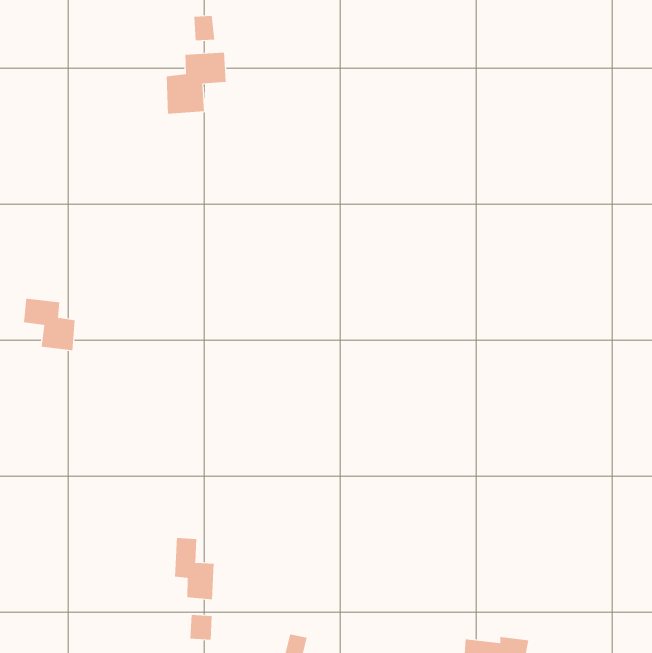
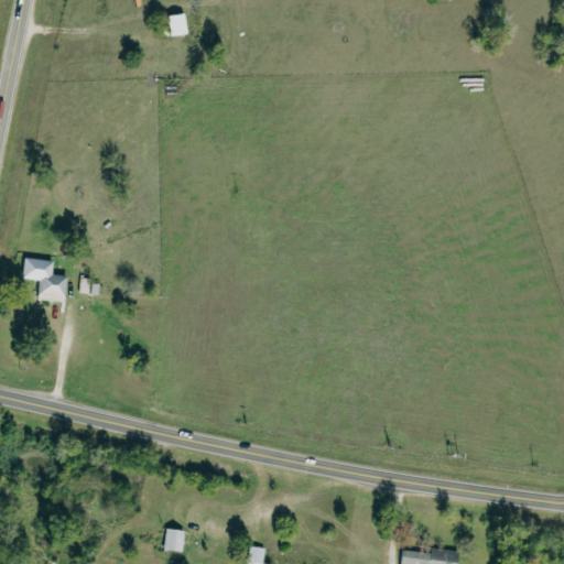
building: [166,52,226,115] -> none
building: [174,537,214,600] -> none

